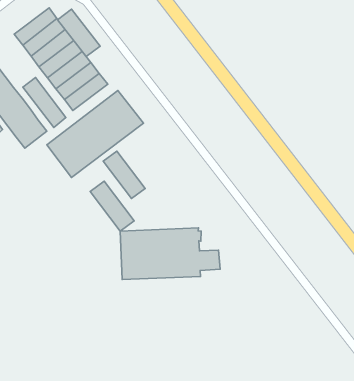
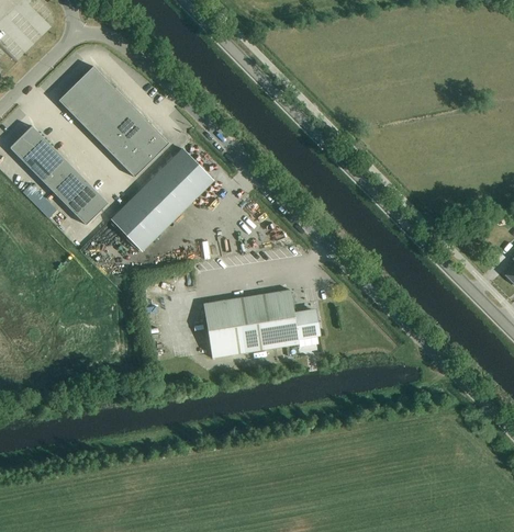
building: [58,9,100,57] -> none
building: [23,78,66,127] -> none
building: [103,151,145,199] -> none
building: [90,181,134,231] -> none

